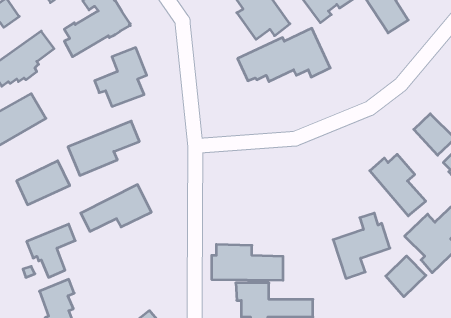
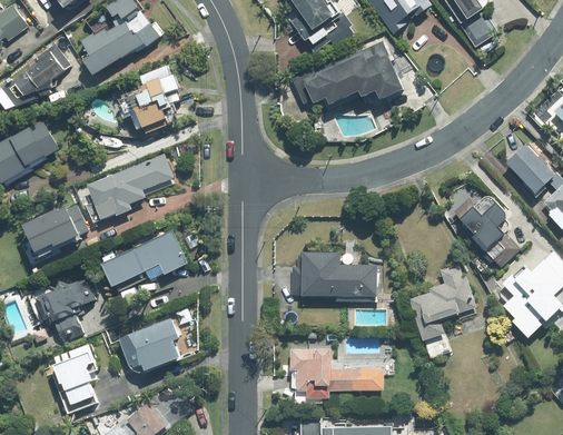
building: [212,244,283,280] -> [292,253,378,296]
building: [386,256,426,297] -> none
building: none -> [119,318,179,370]

